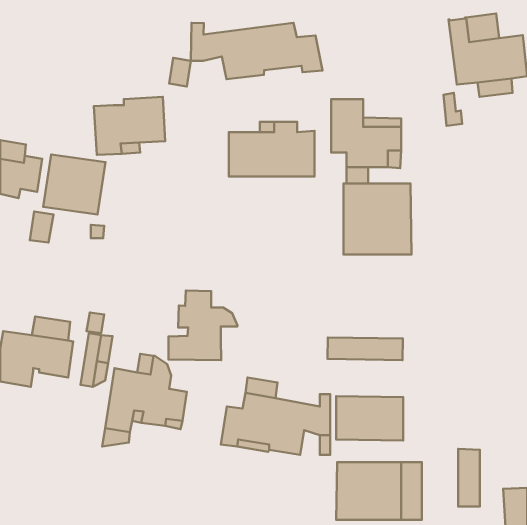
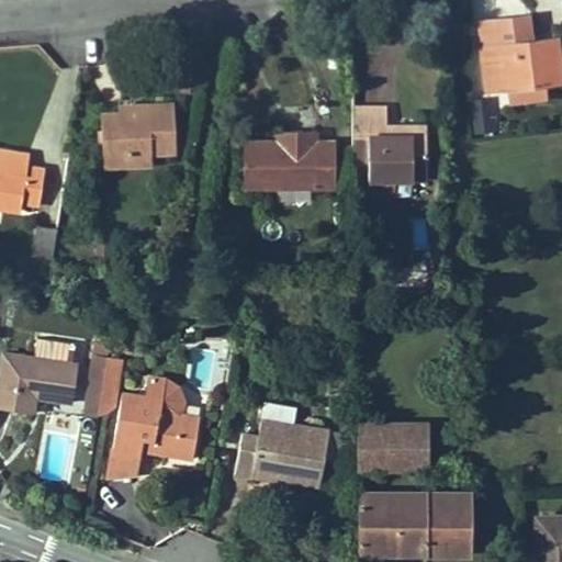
building: [191,23,323,79] -> none
building: [43,155,106,215] -> none
building: [344,184,412,254] -> none
building: [168,291,237,360] -> none
building: [328,337,403,360] -> none
building: [458,449,480,506] -> [449,494,472,555]

